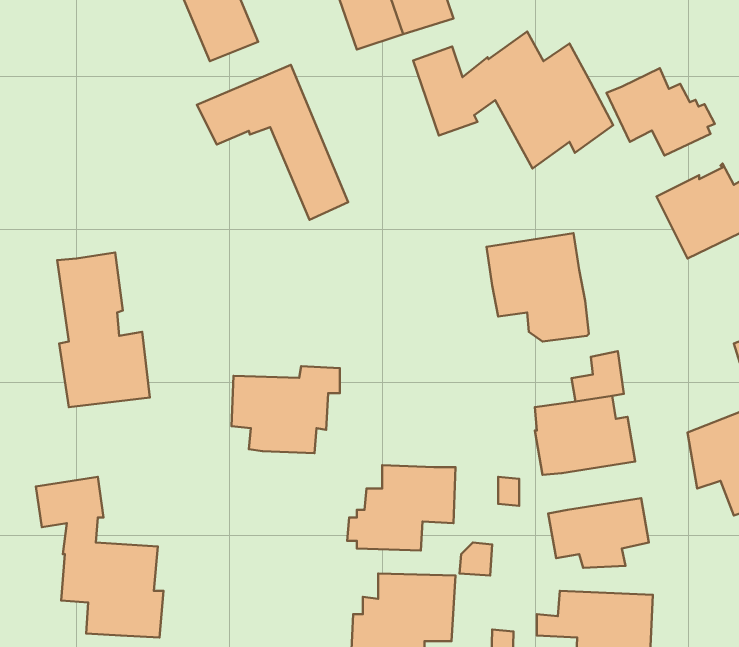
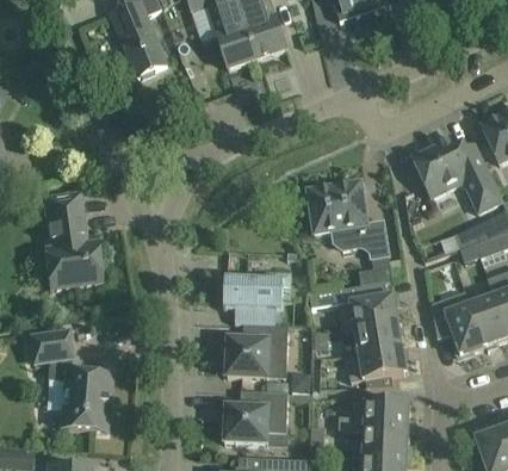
building: [413,32,613,169] -> none
building: [197,65,348,220] -> none
building: [607,68,715,155] -> none
building: [231,366,340,453] -> [224,271,291,324]
building: none -> [354,321,403,351]

